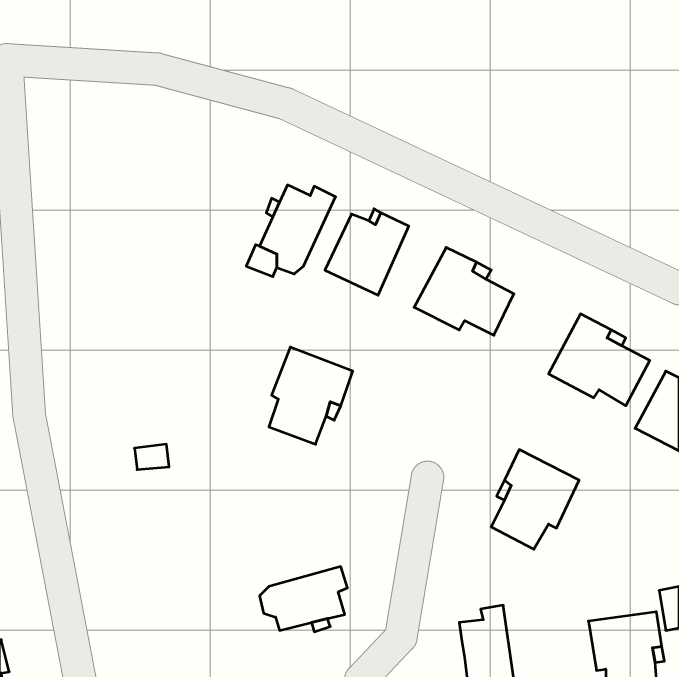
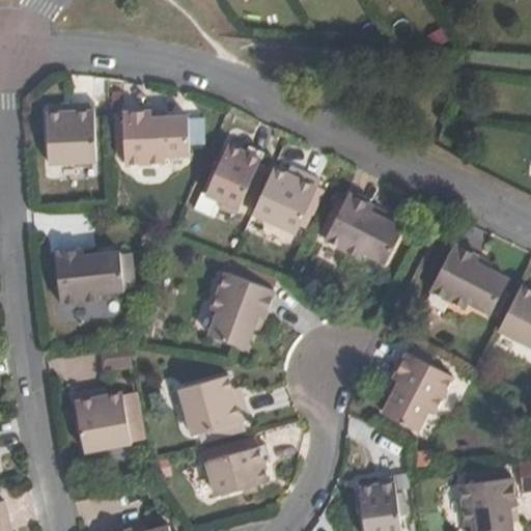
building: none -> [45,102,94,162]
building: none -> [121,111,187,165]
building: none -> [54,248,122,303]
building: none -> [183,375,251,435]
building: none -> [75,390,130,451]

